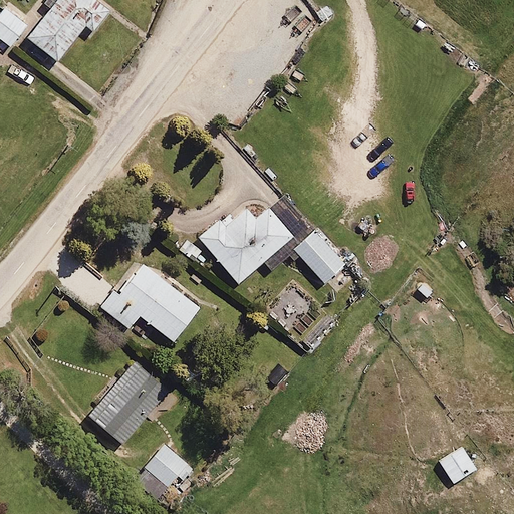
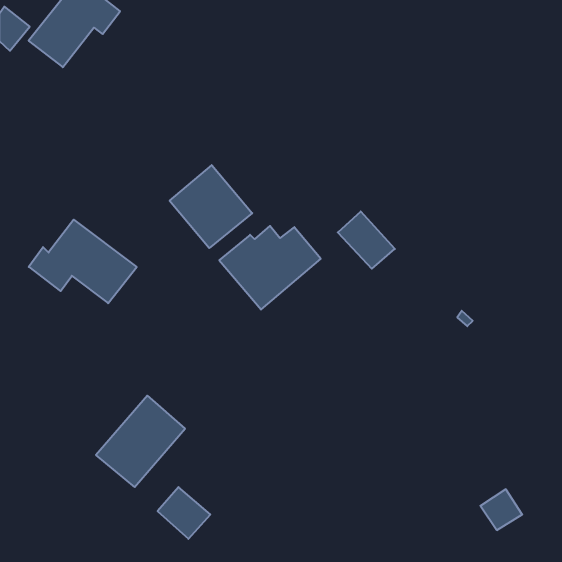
building: none -> [170,165,252,248]
building: [292,230,344,282] -> [338,211,395,269]
building: [100,264,199,340] -> [29,220,137,303]

